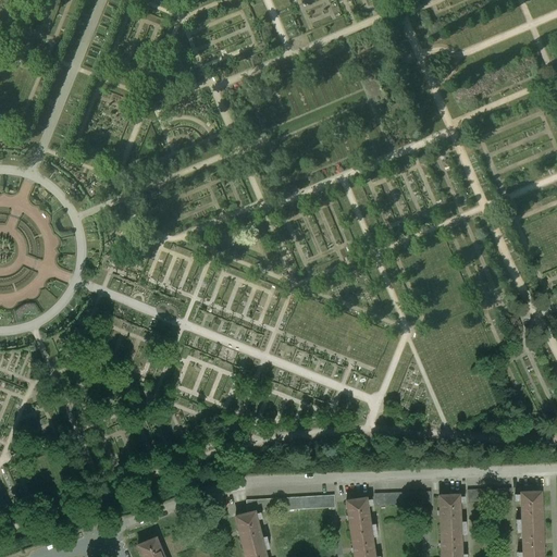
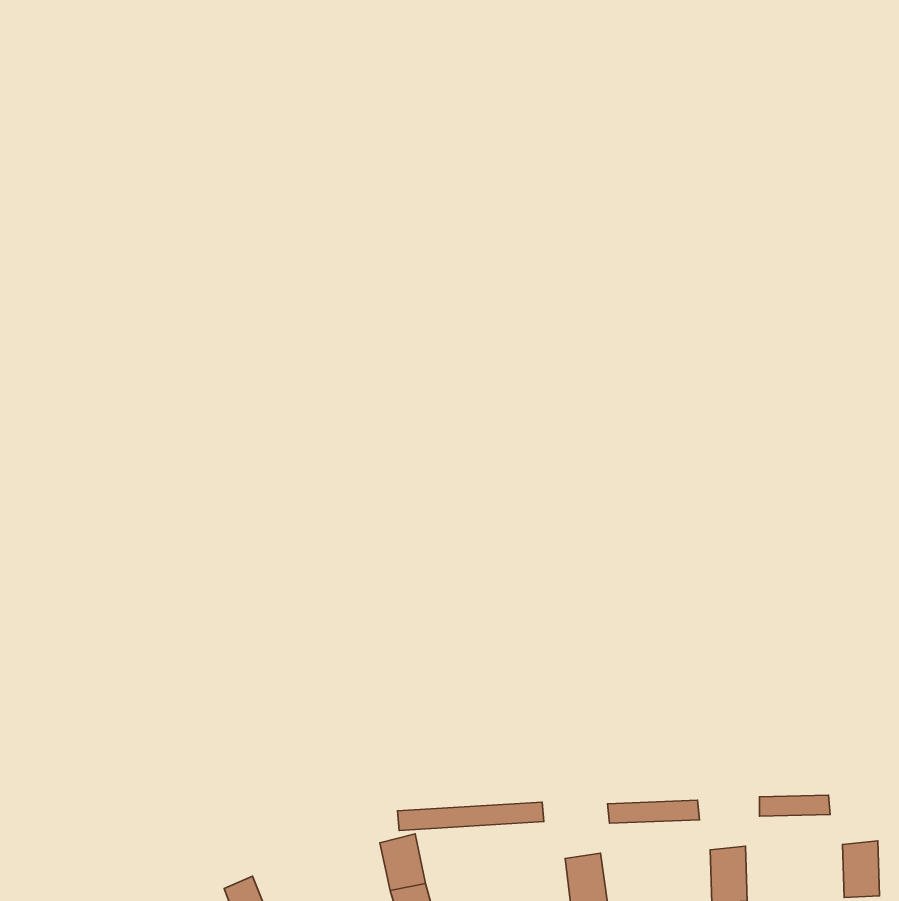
building: [519,486,543,521] -> none
building: [437,490,461,524] -> none
building: [345,494,372,530] -> none

